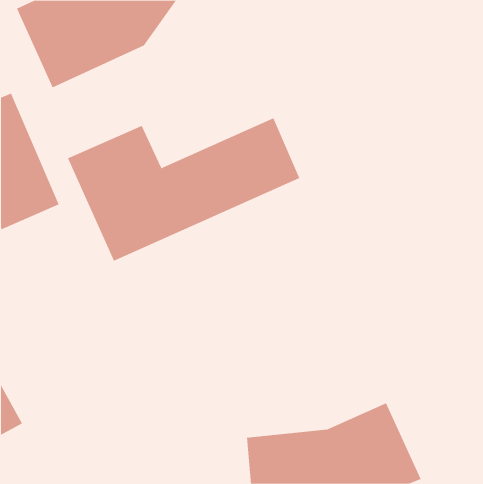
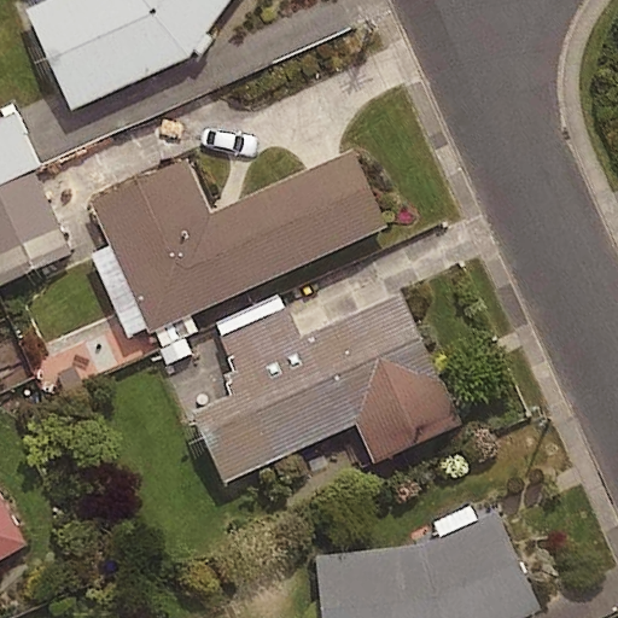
building: none -> [190,291,459,485]

